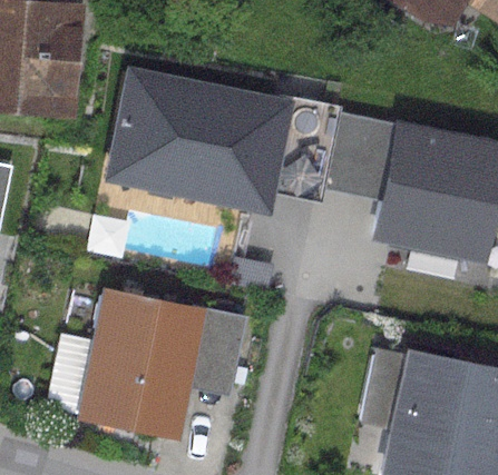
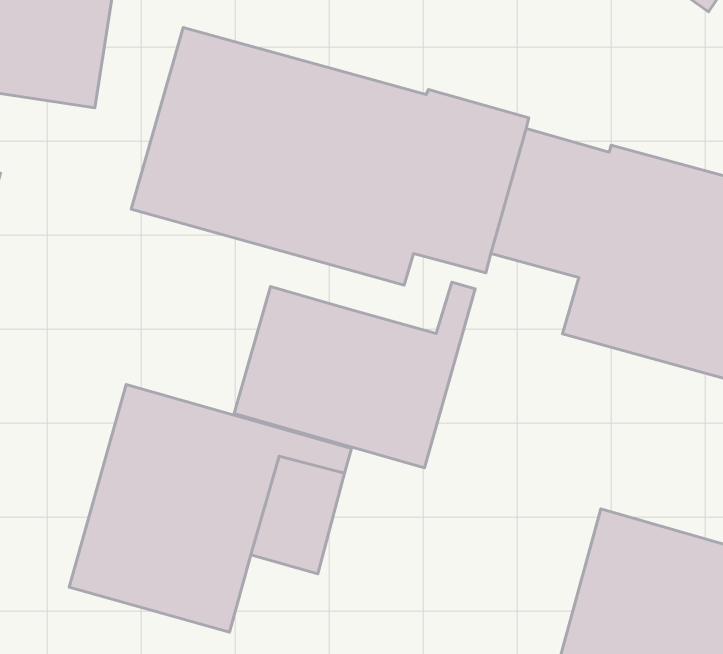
building: none -> [234,282,475,468]

